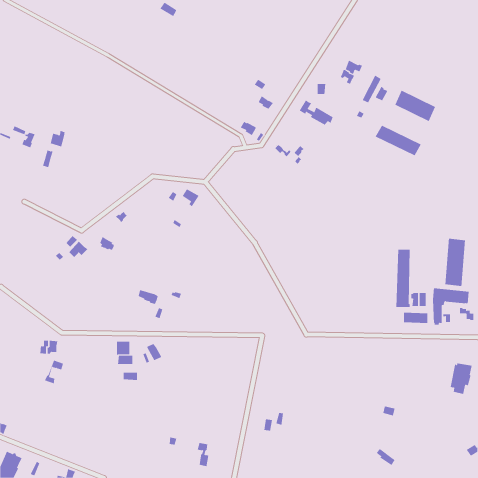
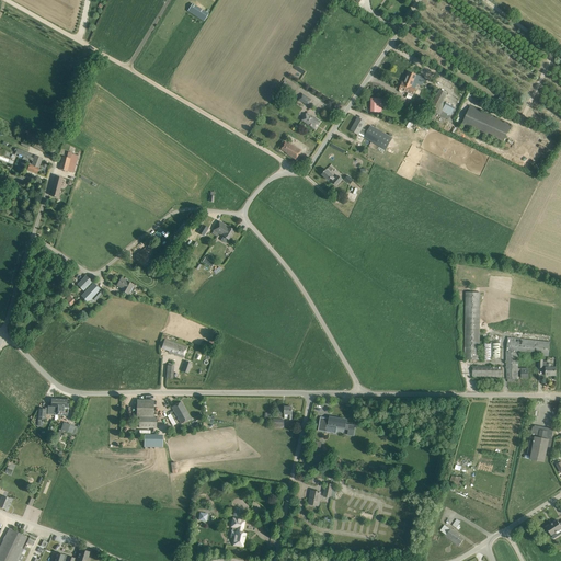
building: [375,125,422,156] -> none
building: [445,238,466,287] -> none
building: none -> [317,415,354,435]

